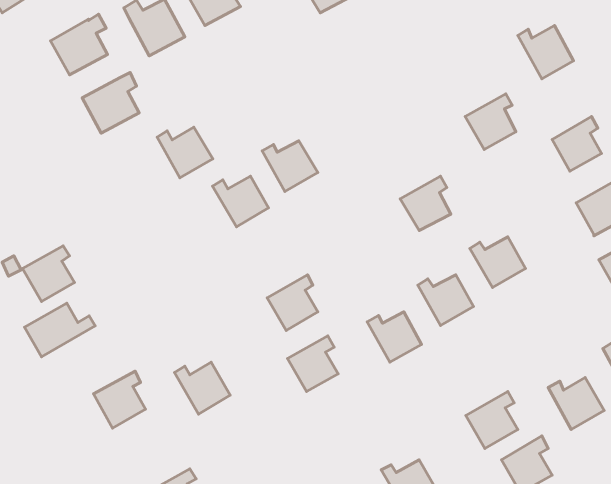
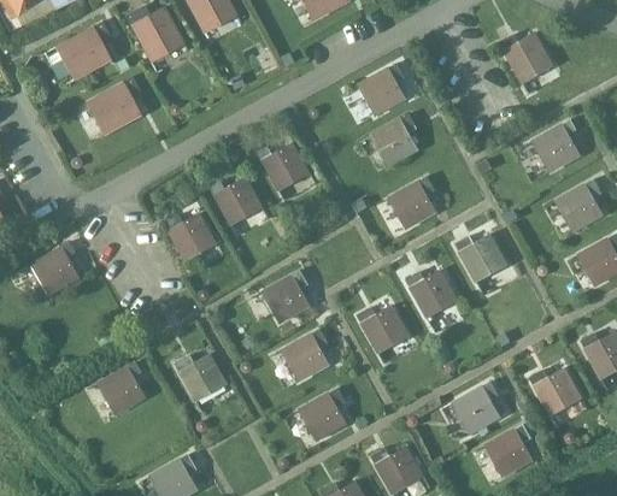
building: none -> [357,63,406,116]
building: [465,94,516,149] -> [370,113,418,166]
building: [157,127,213,178] -> [164,212,217,260]
building: [25,303,95,357] -> none
building: none -> [298,388,347,441]

